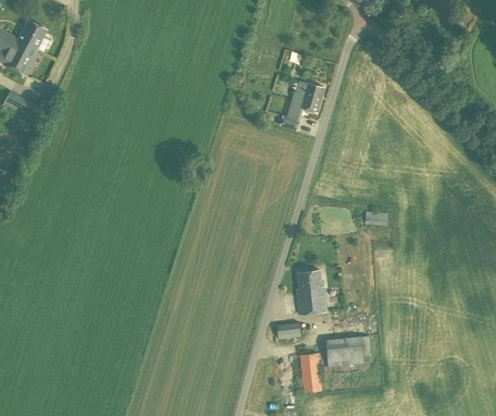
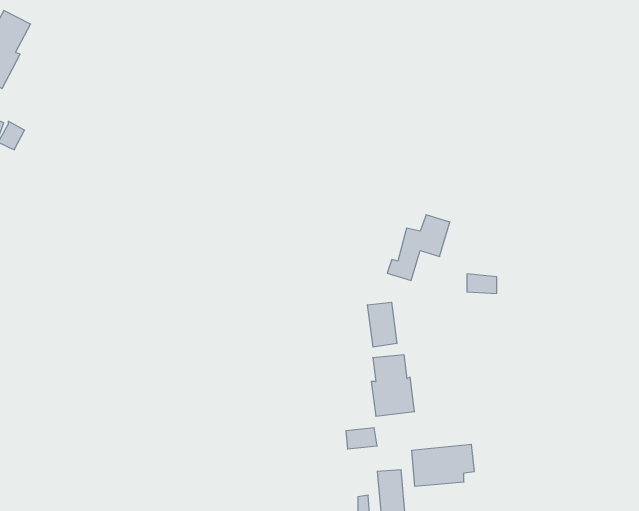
building: [277,82,323,130] -> [387,215,450,280]
building: none -> [368,302,397,347]

